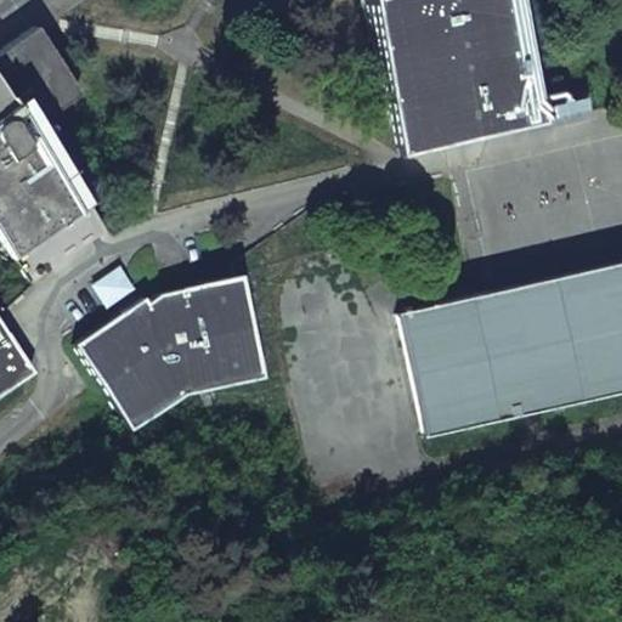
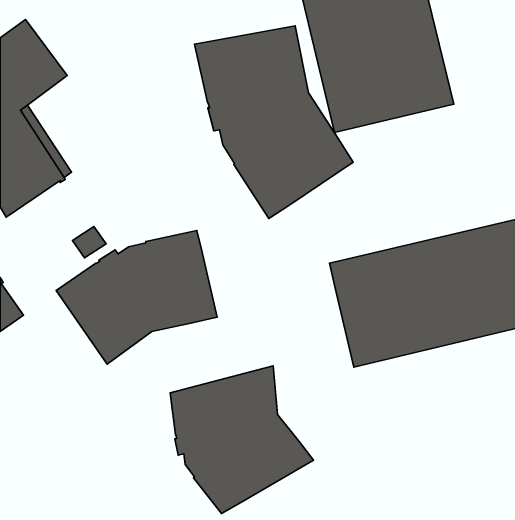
building: none -> [195,26,353,219]
building: none -> [170,366,313,514]

